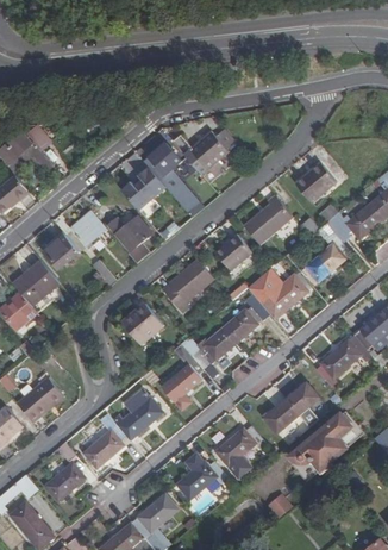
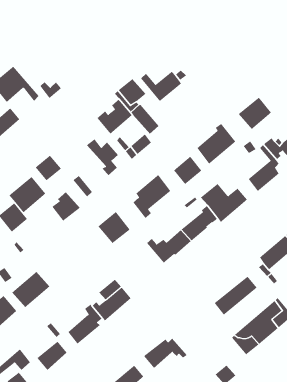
building: [71,208,107,245] -> [51,191,80,221]
building: [163,343,204,410] -> none
building: [209,423,264,486] -> none

